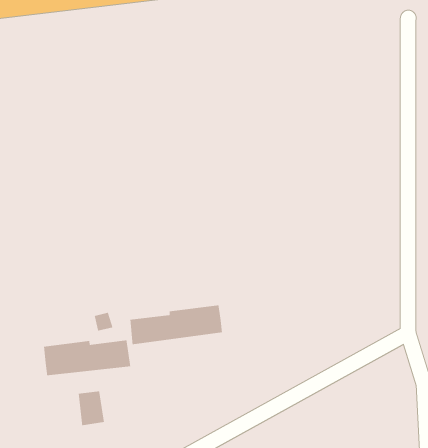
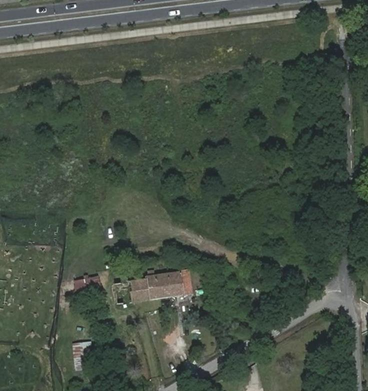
building: [43,340,131,376] -> none

